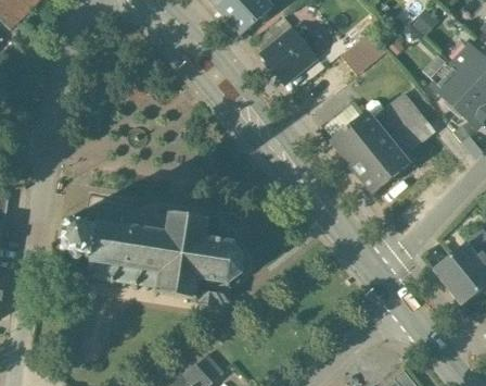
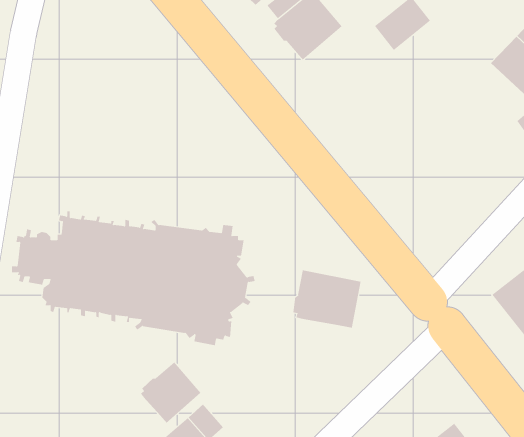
building: [329,94,435,195] -> none
building: none -> [293,270,361,329]
building: none -> [140,361,201,423]

